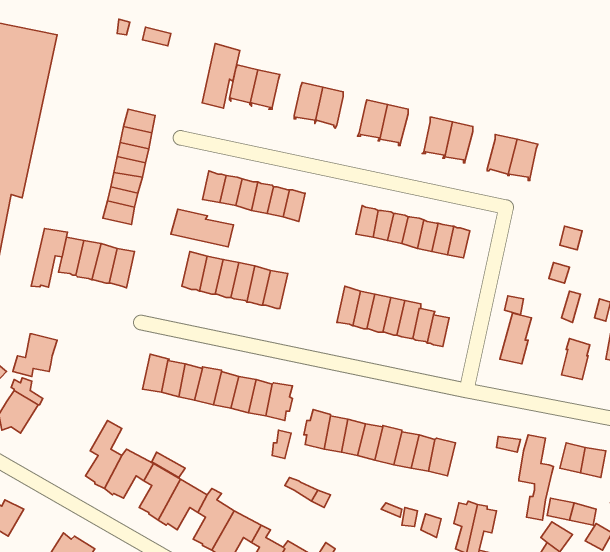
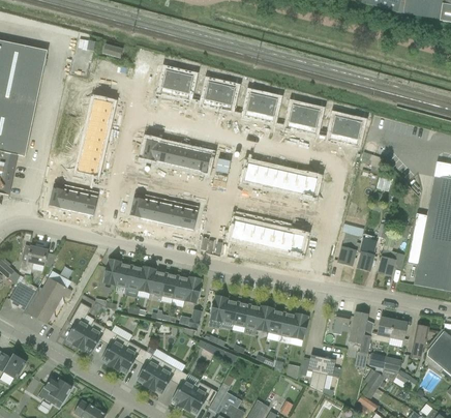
building: [202,43,240,108] -> none
building: [171,209,234,247] -> none
building: [31,228,68,287] -> none
building: none -> [357,237,377,270]
building: none -> [28,276,71,323]

